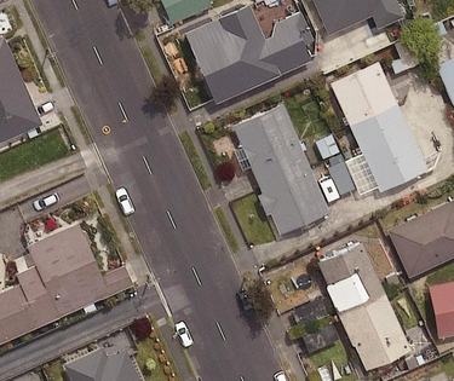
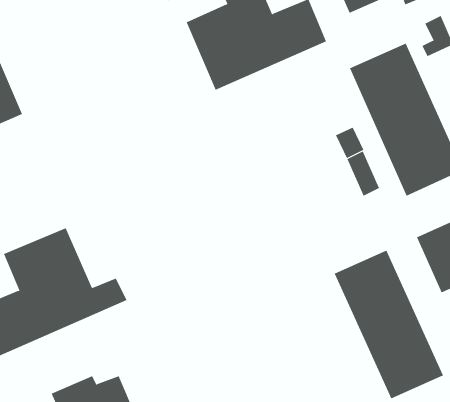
building: [232,104,331,235] -> none

